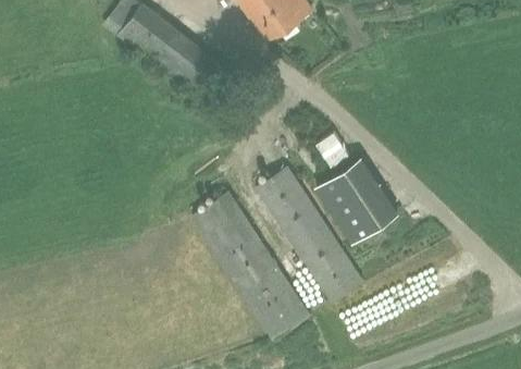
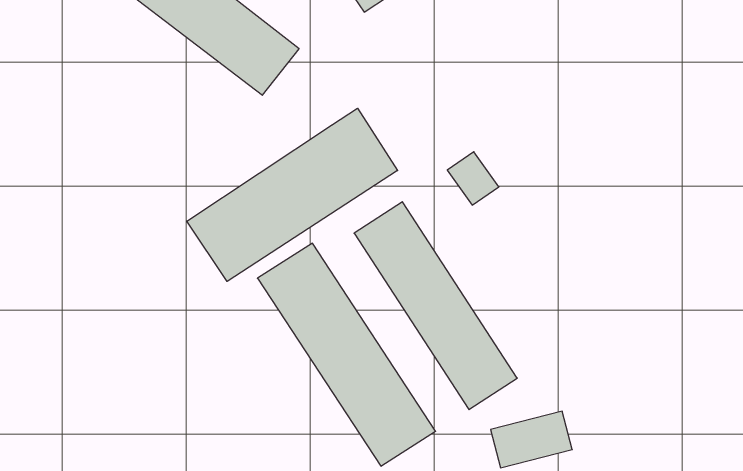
building: none -> [187,108,398,281]
building: [317,157,398,243] -> none

